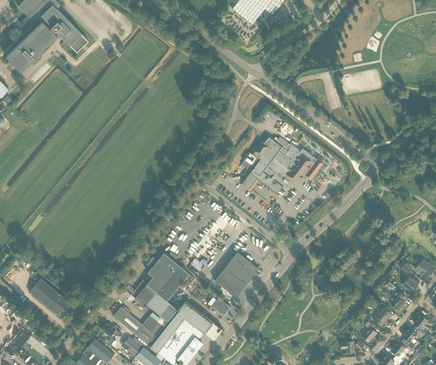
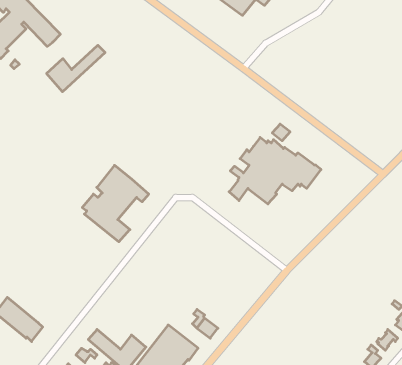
building: none -> [47,45,105,92]
building: [215,251,258,296] -> none
building: [134,252,194,321] -> [82,165,149,242]

